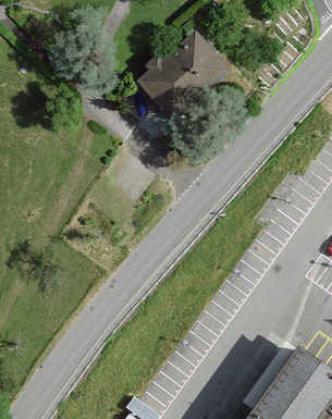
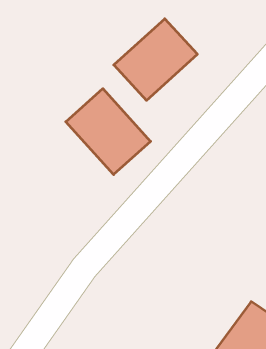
building: none -> [66,89,151,175]

